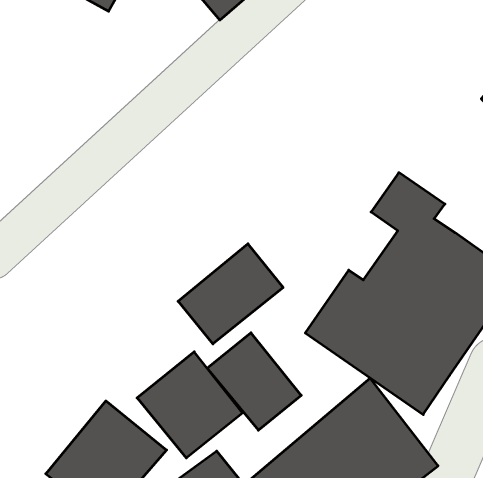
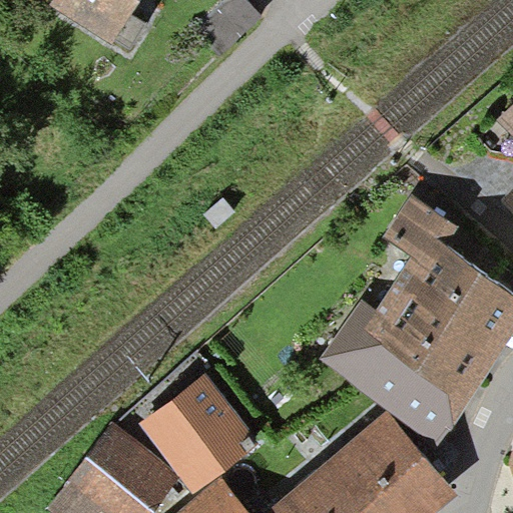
building: [178,244,283,344] -> none
building: [207,333,301,430] -> none

